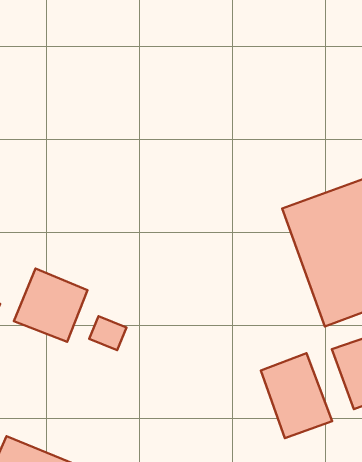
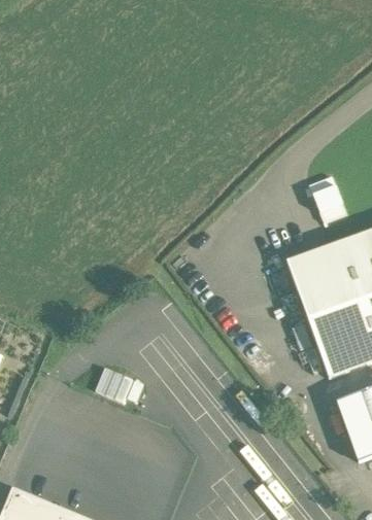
building: [14,269,87,342] -> none
building: [261,353,332,438] -> none

